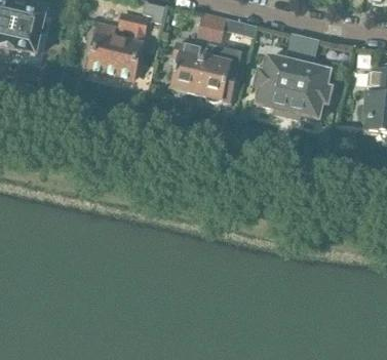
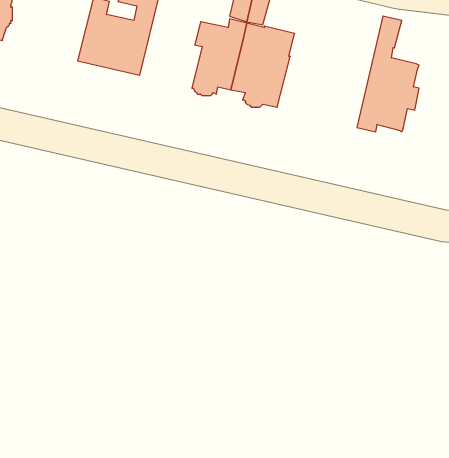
building: [257,34,305,116] -> none

